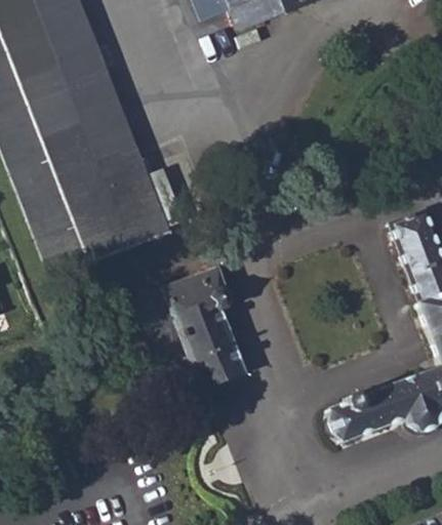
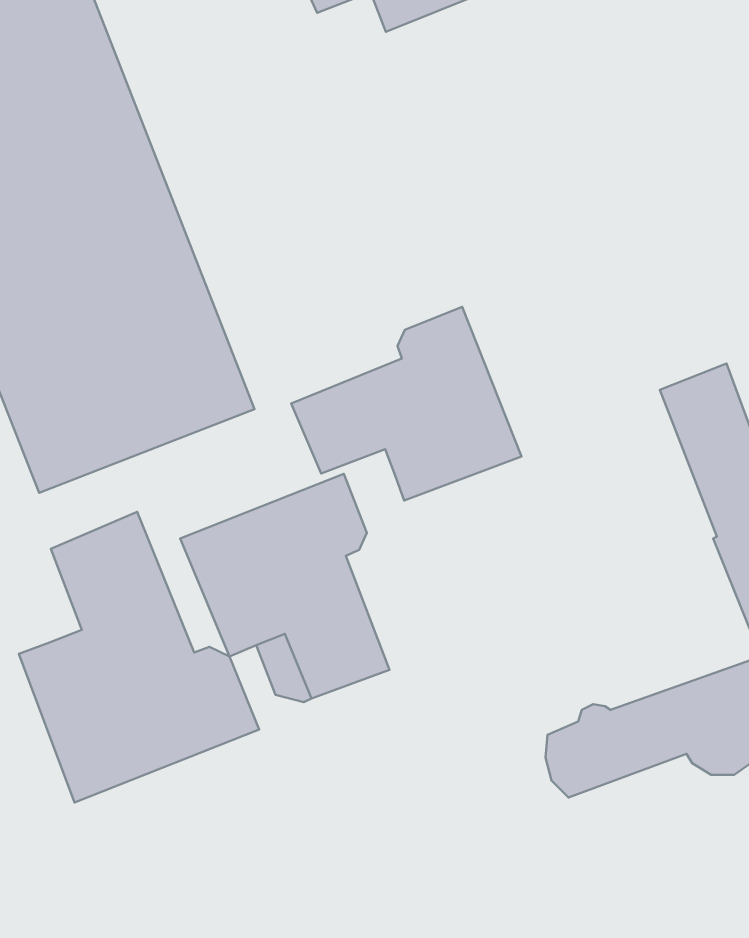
building: none -> [291,307,521,500]
building: none -> [19,512,259,802]

